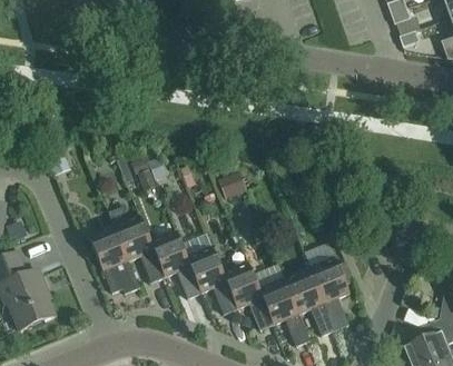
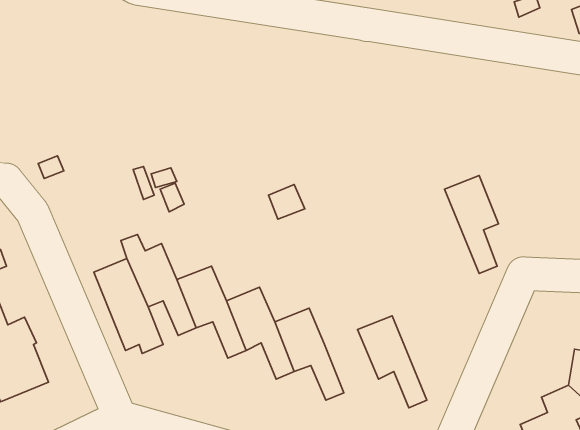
building: [309,257,349,329] -> [444,175,499,274]
building: [259,277,309,346] -> none

